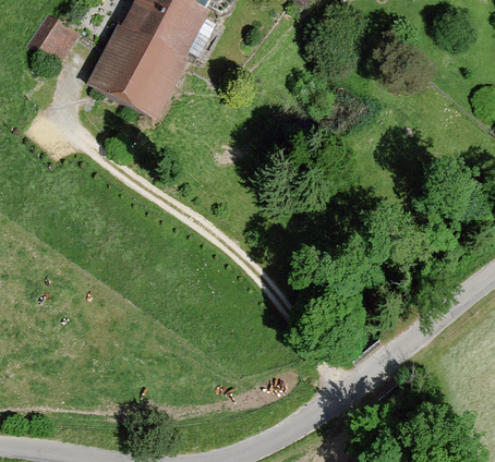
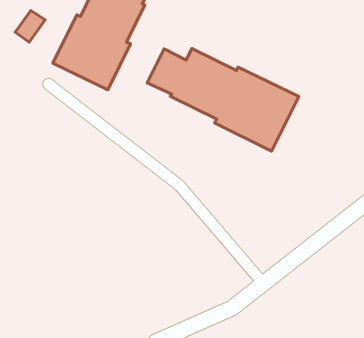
building: none -> [147,49,299,151]

